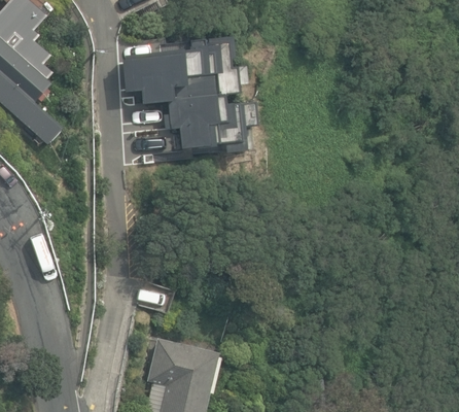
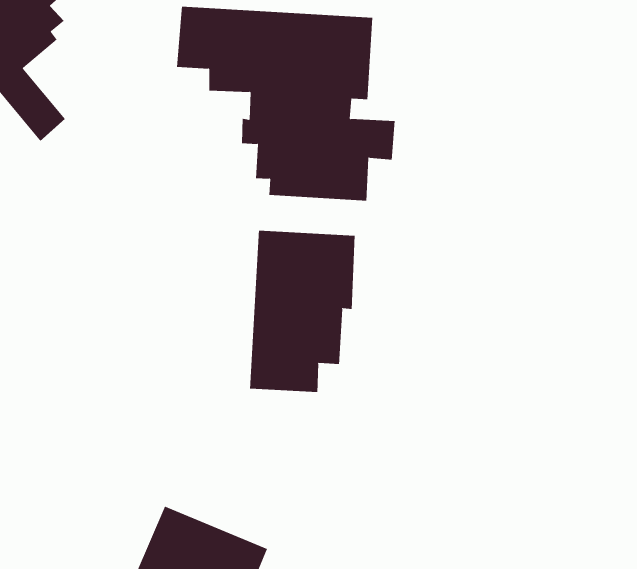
building: none -> [249,230,355,393]

